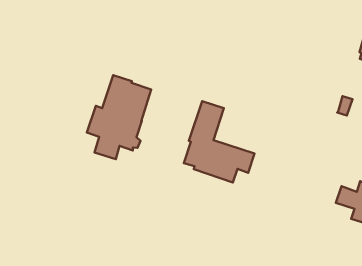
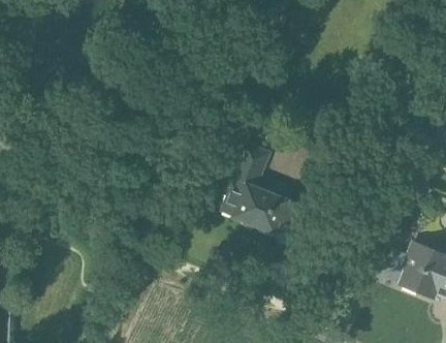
building: [87,75,151,159] -> none

